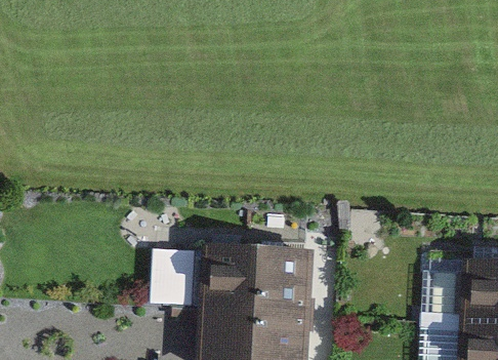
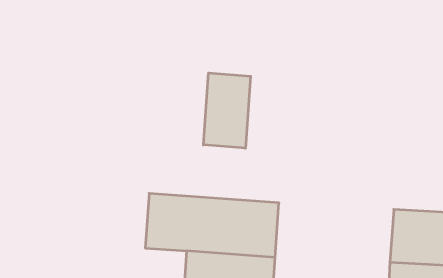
building: none -> [203,73,251,148]

